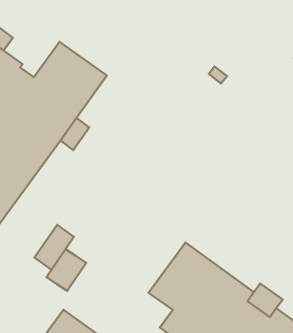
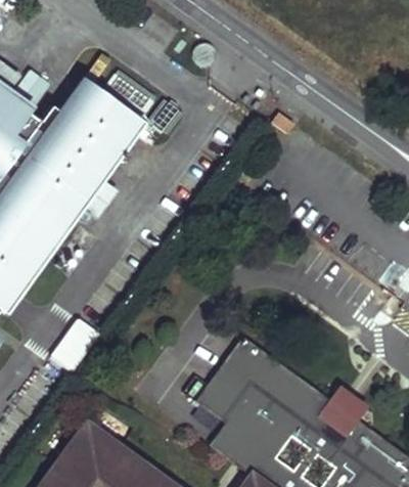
building: [46,249,86,291] -> none

